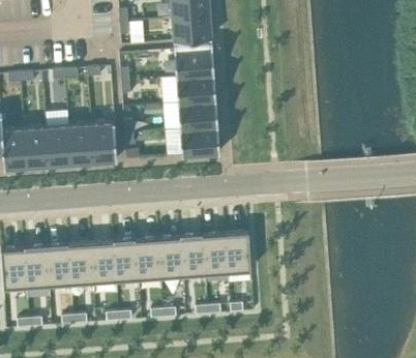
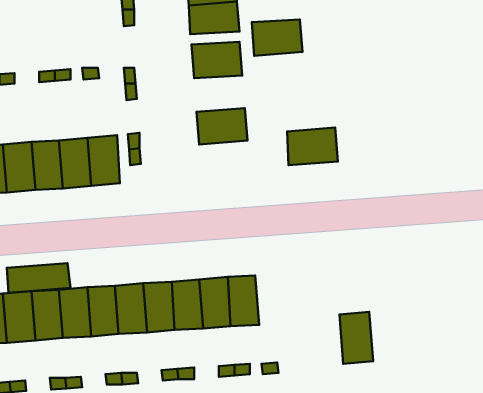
building: [176,74,216,103] -> [252,19,302,56]
building: [180,126,220,156] -> [287,128,338,165]
building: none -> [7,263,71,293]
building: [225,232,251,273] -> [339,312,373,364]

